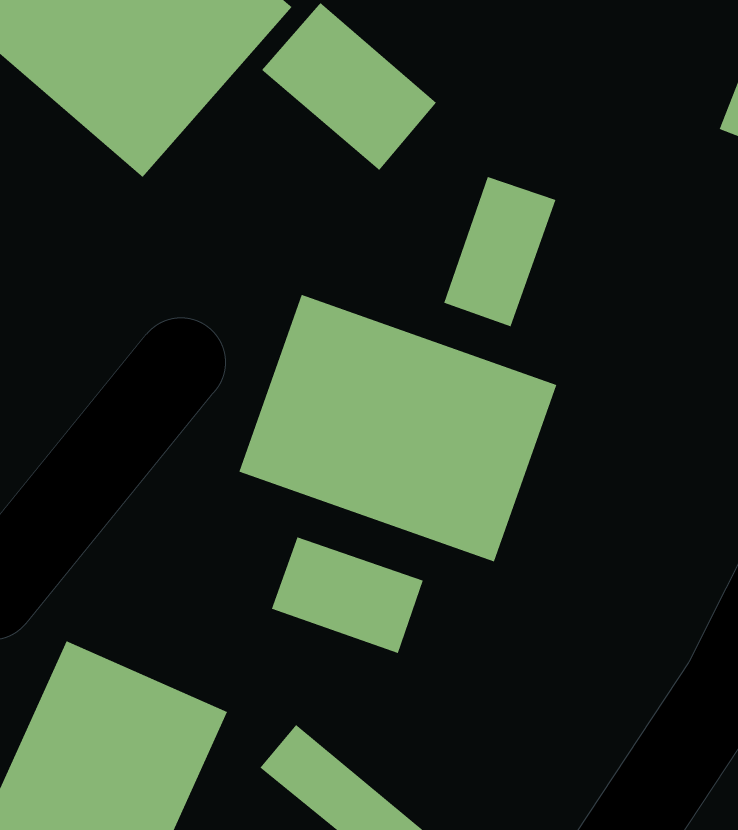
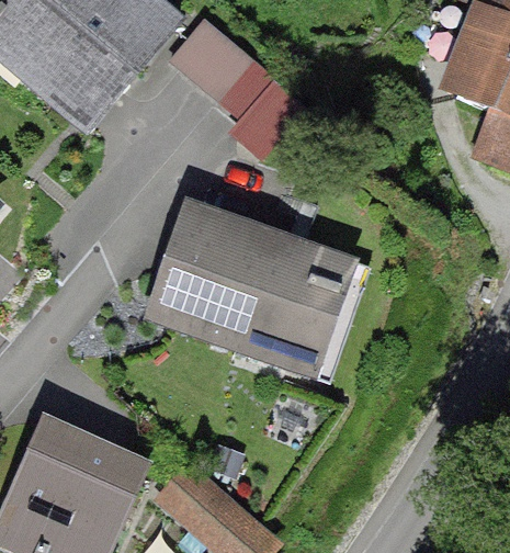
building: [444,176,556,327] -> none
building: [271,537,423,654] -> none

